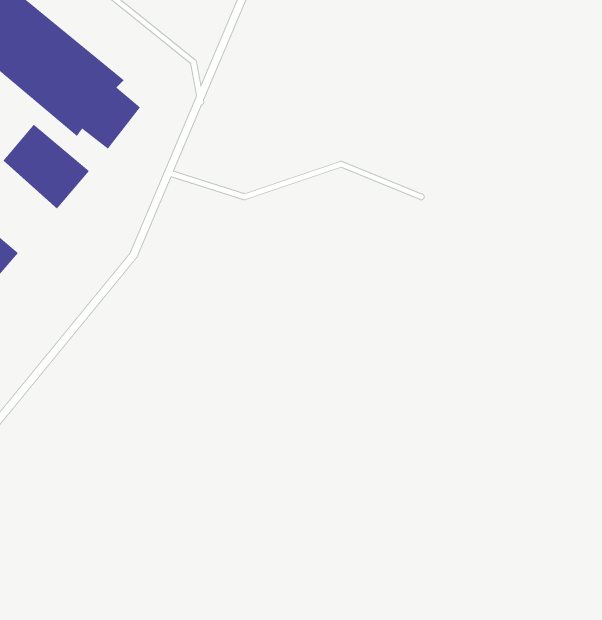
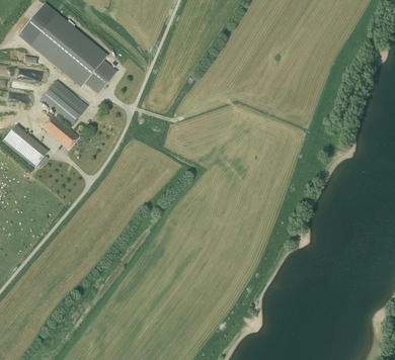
building: none -> [43,114,78,148]

